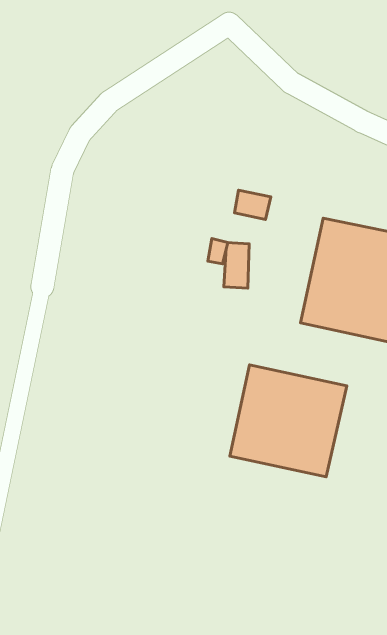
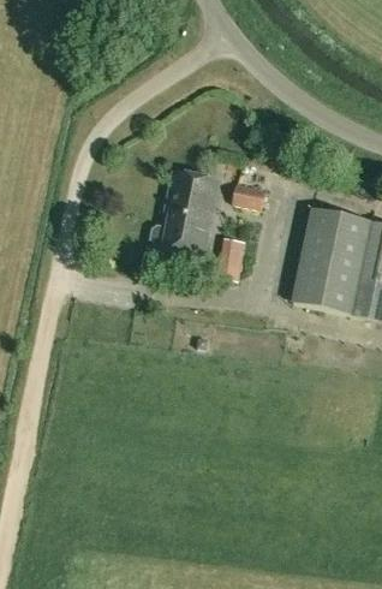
building: none -> [149,171,217,254]
building: [230,365,347,477] -> none

